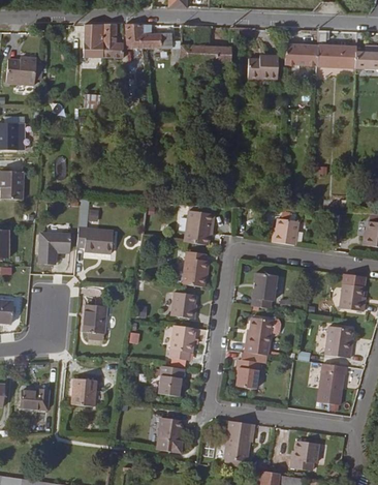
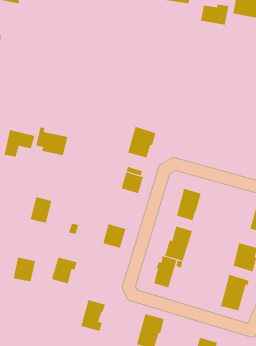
building: [274,218,301,245] -> none
building: [171,292,196,320] -> none
building: [157,367,185,397] -> [51,257,78,284]

